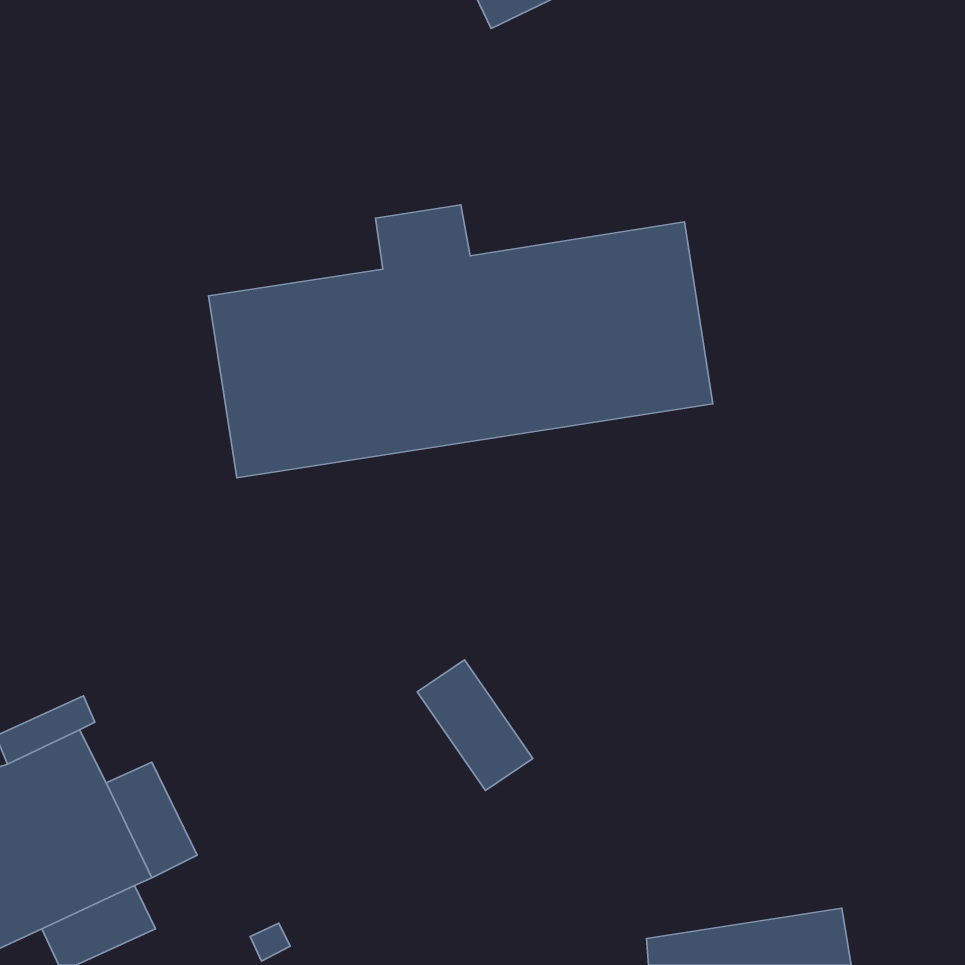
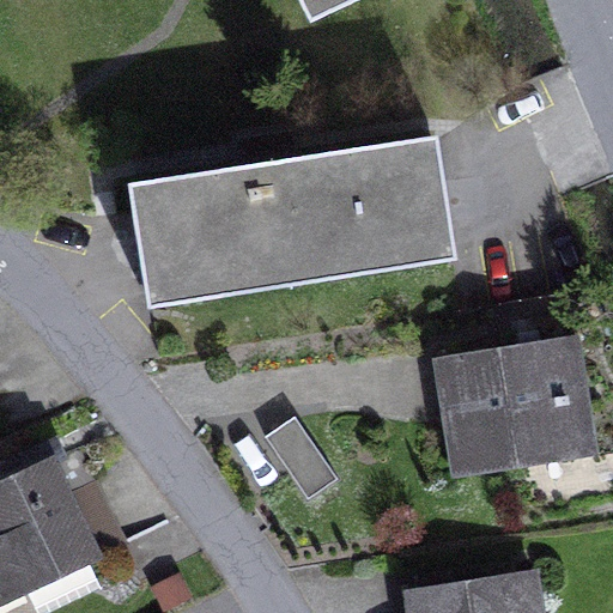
building: none -> [433,335,595,477]

